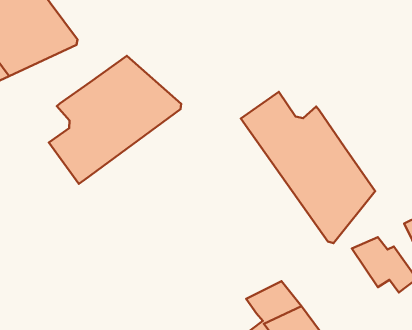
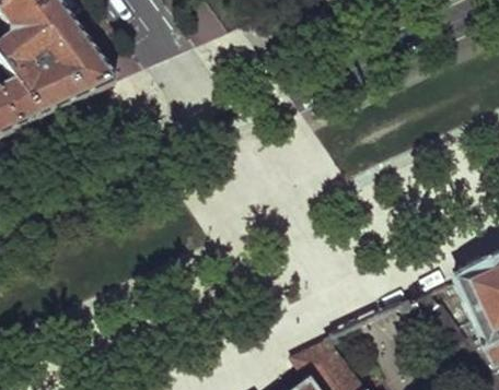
building: [49,56,181,184] -> none
building: [241,92,375,243] -> none

